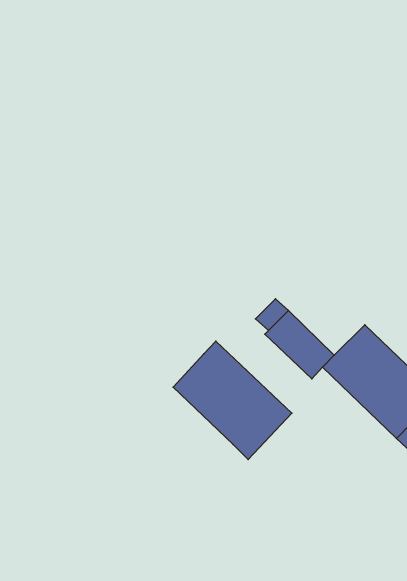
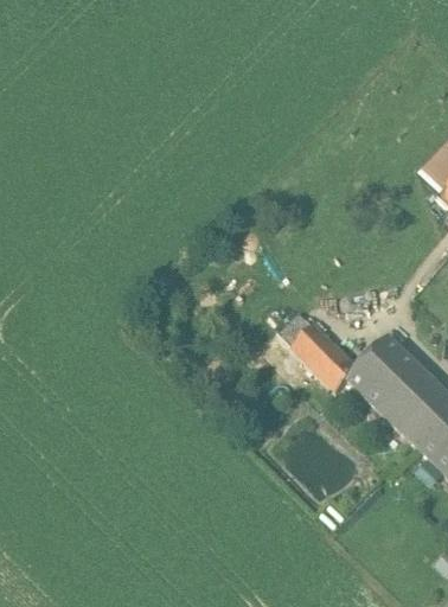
building: [173,341,292,460] -> none

